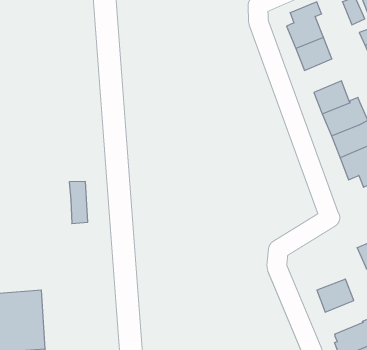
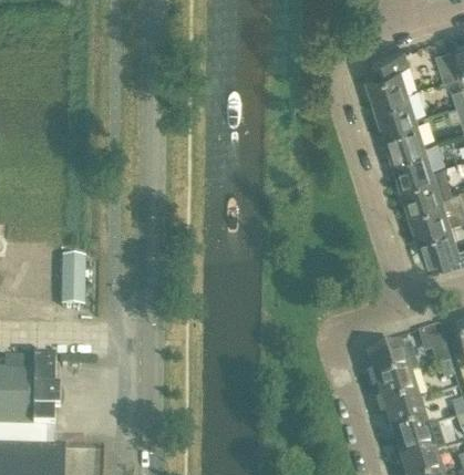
building: none -> [382,112,424,149]
building: [69,182,88,224] -> [63,251,83,300]
building: none -> [365,339,416,380]
building: none -> [383,395,426,433]

